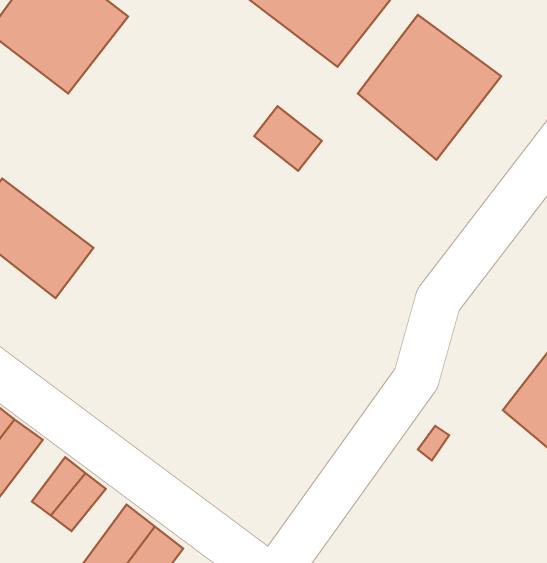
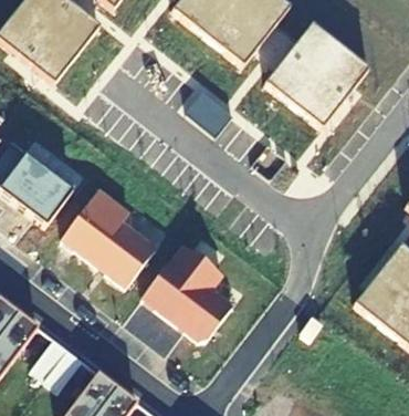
building: none -> [62,188,157,285]
building: none -> [140,240,232,339]

